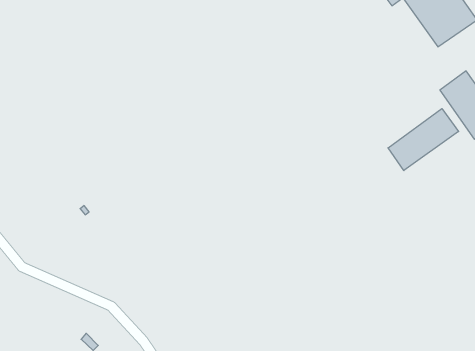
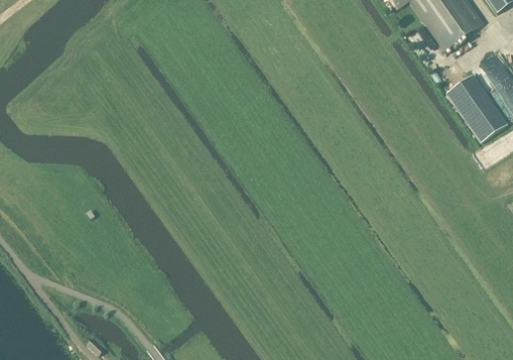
building: [388,109,459,171] -> none

